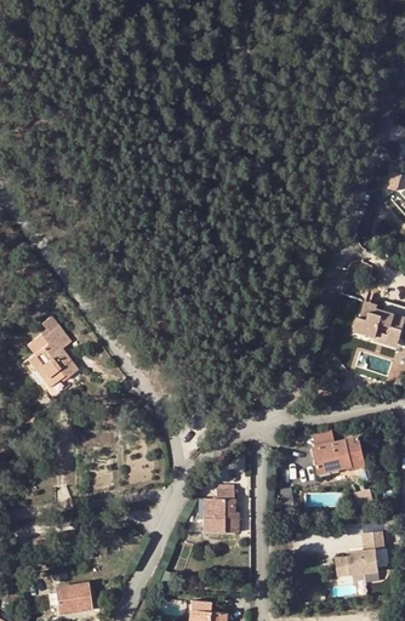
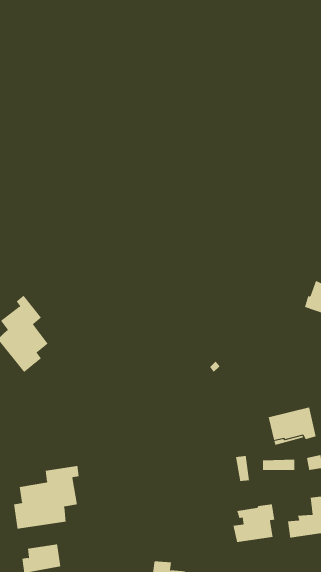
building: [205,491,236,534] -> none
building: none -> [13,465,79,530]
building: none -> [233,503,275,543]

